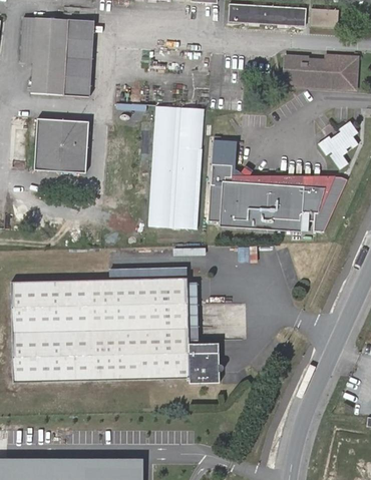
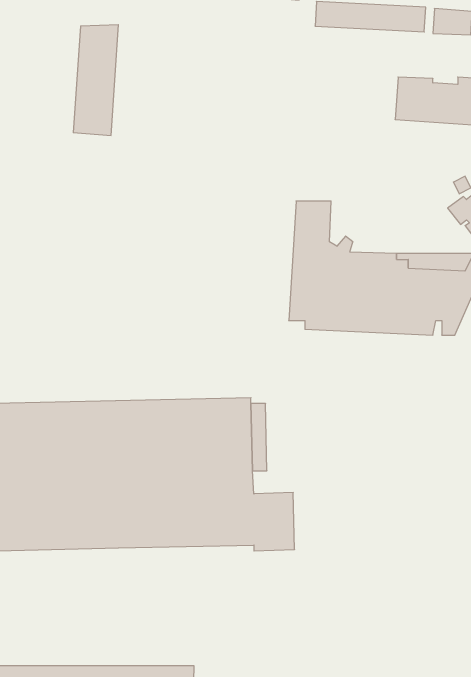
building: [21,17,66,93] -> none
building: [148,106,205,230] -> none
building: [33,118,86,171] -> none

